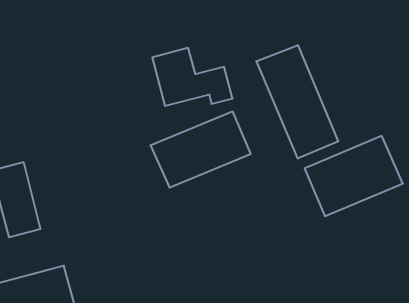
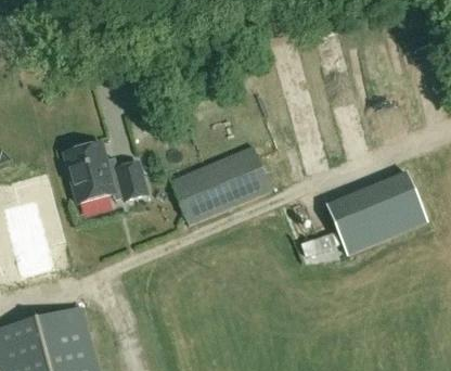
building: [256,45,338,159] -> none
building: [152,48,233,106] -> [65,143,147,203]

